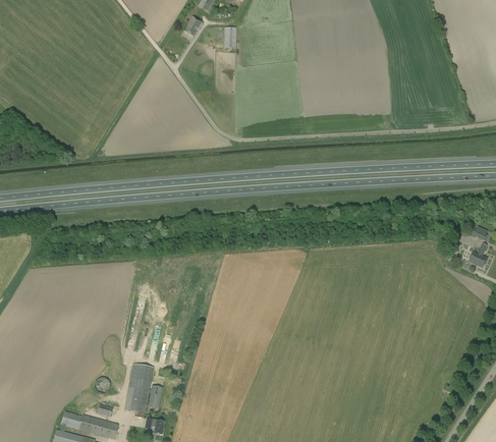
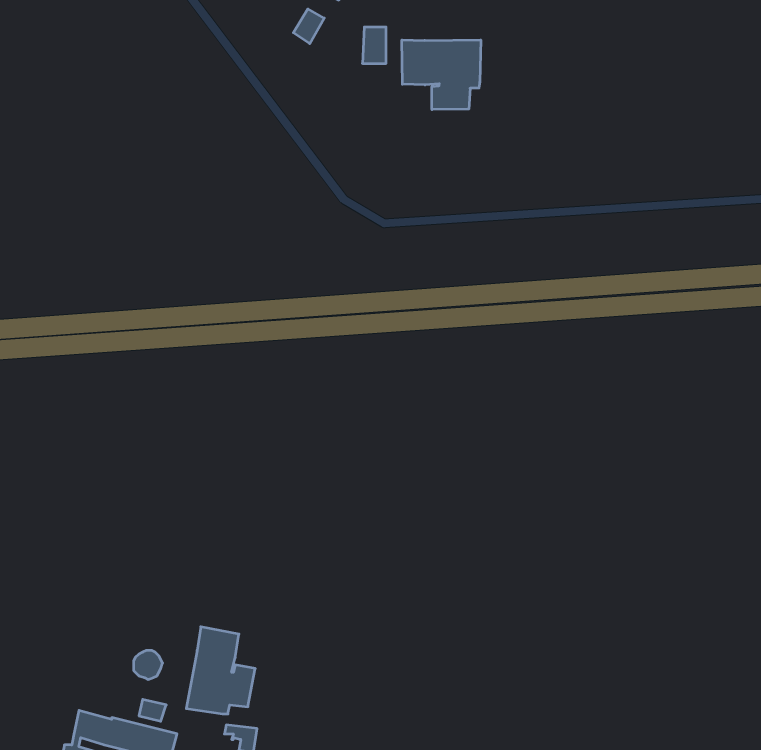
building: none -> [402,40,481,110]

